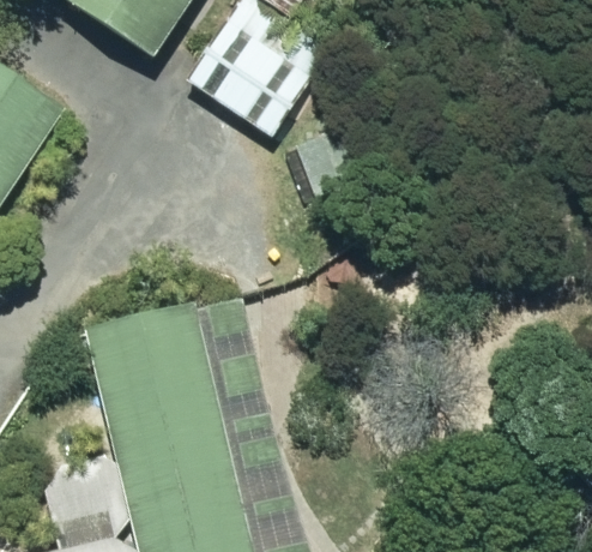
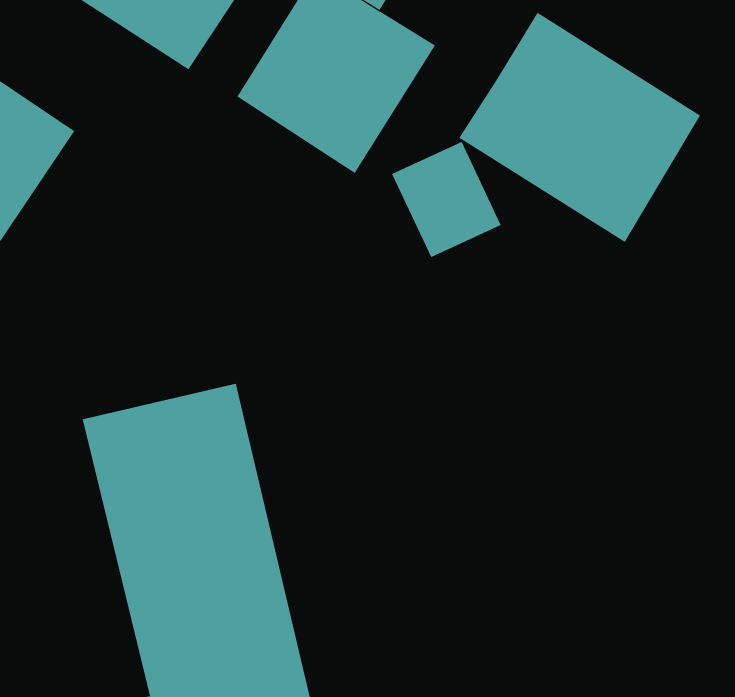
building: none -> [459,12,701,243]

